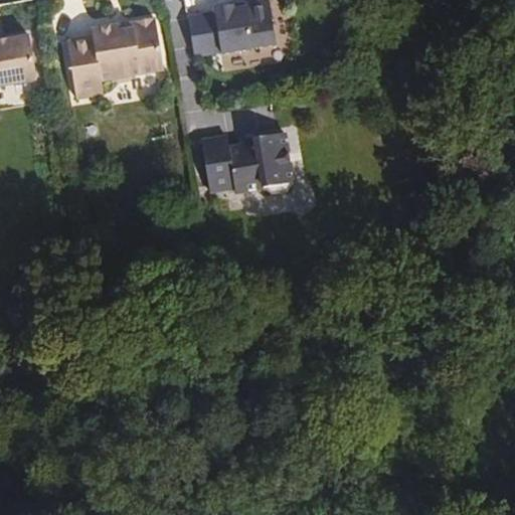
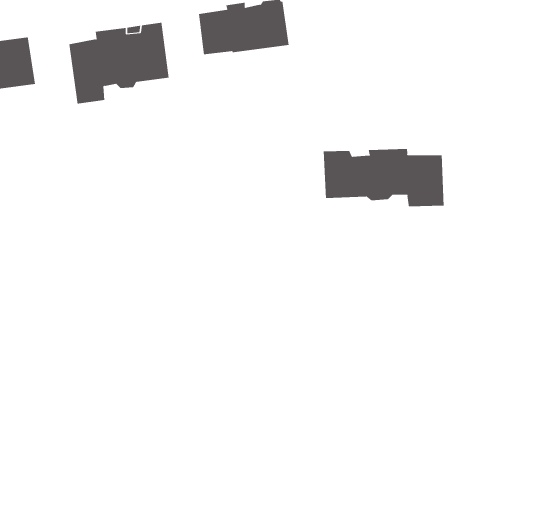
building: [198,121,289,182] -> none
building: none -> [323,148,444,207]

